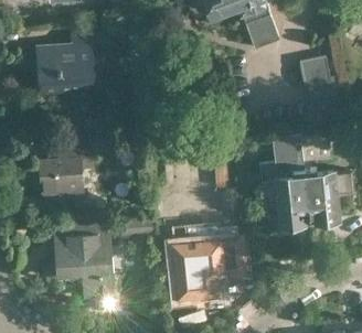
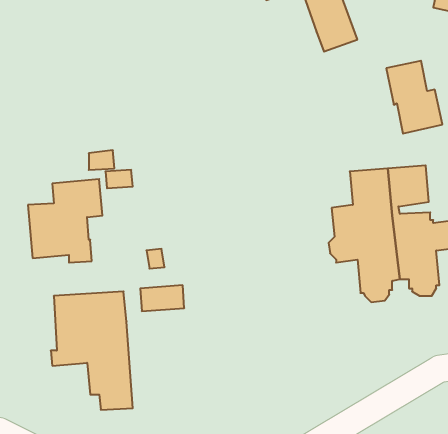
building: [36,23,109,94] -> none
building: [171,226,241,303] -> none

